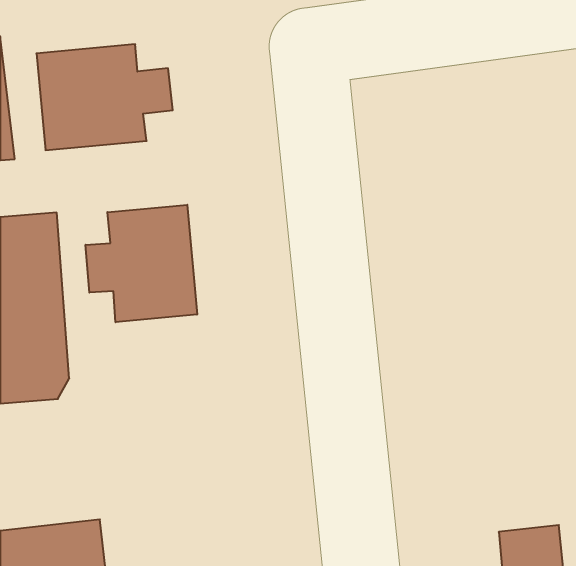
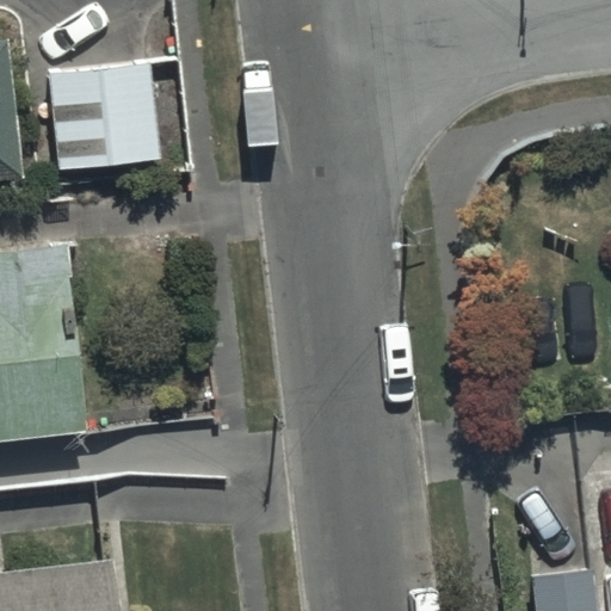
building: [86,205,197,322] -> none

